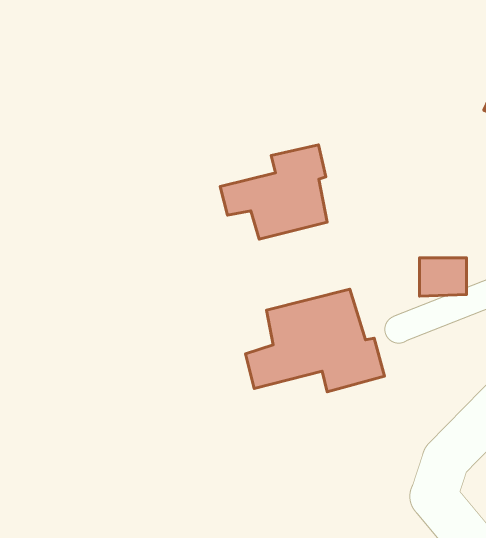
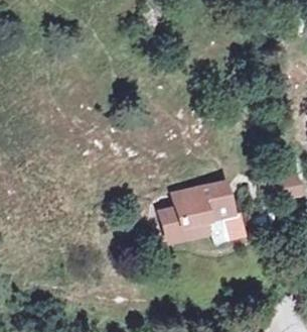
building: [220,145,327,239] -> none

